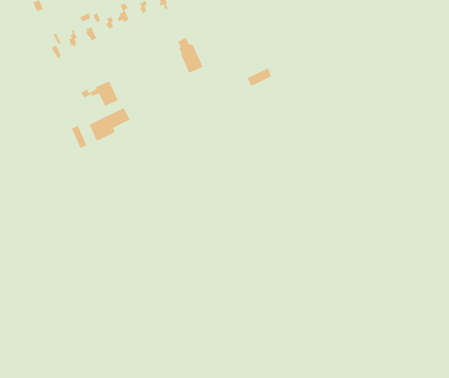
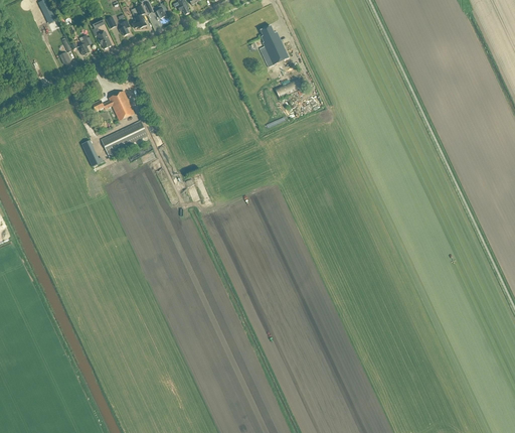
building: [177,37,204,74] -> [260,23,289,63]

